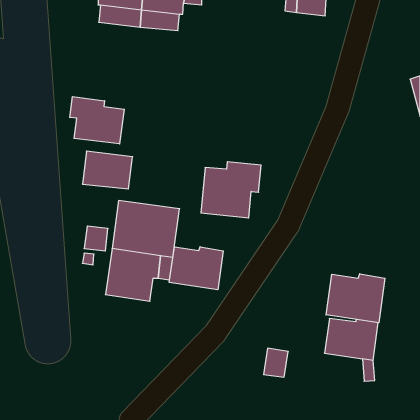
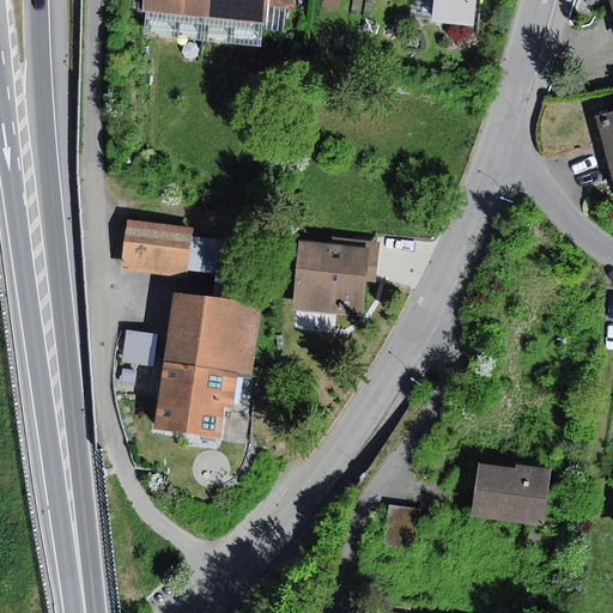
building: [70,97,124,144] -> none
building: [169,247,223,290] -> none
building: [326,274,385,323] -> none

